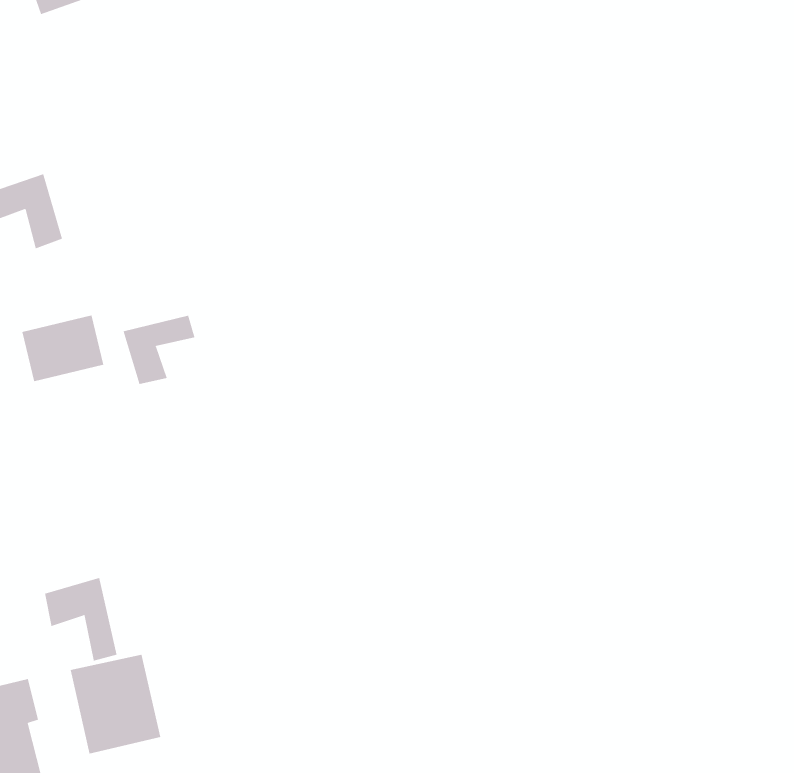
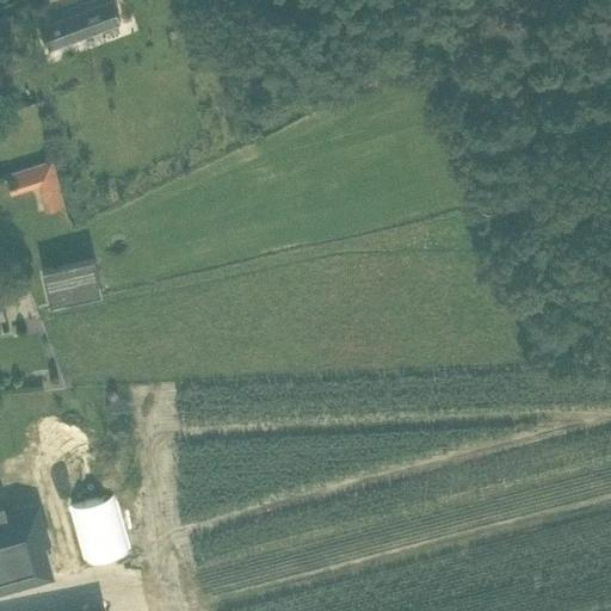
building: [123,315,195,385] -> none
building: [44,577,117,661] -> none

